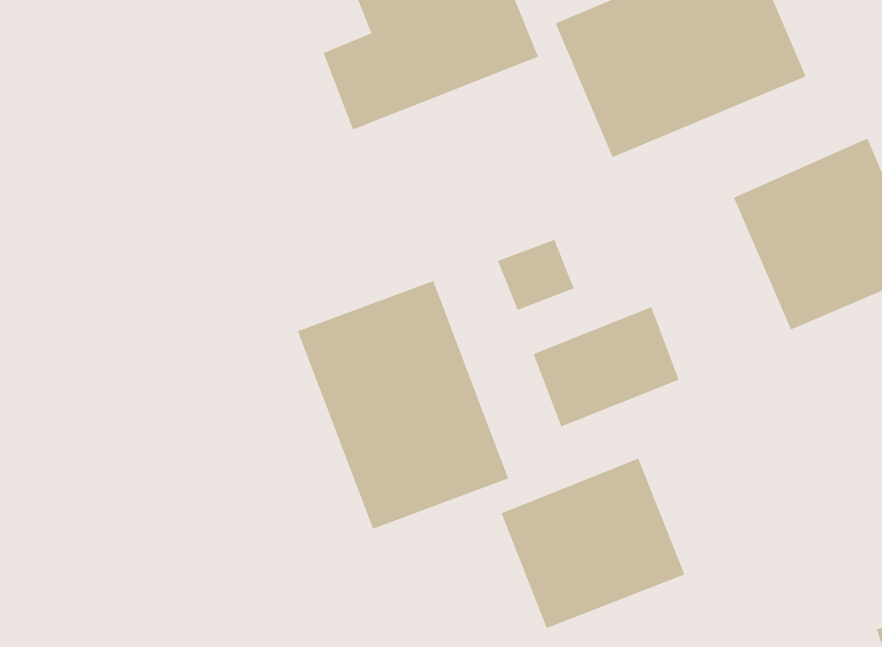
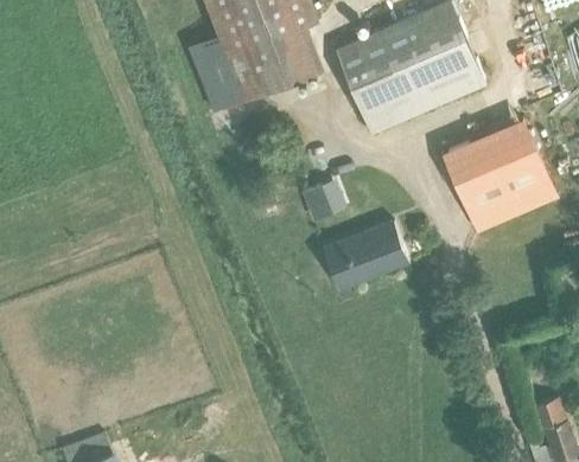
building: [297,280,509,529] -> none
building: [501,458,685,629] -> none

